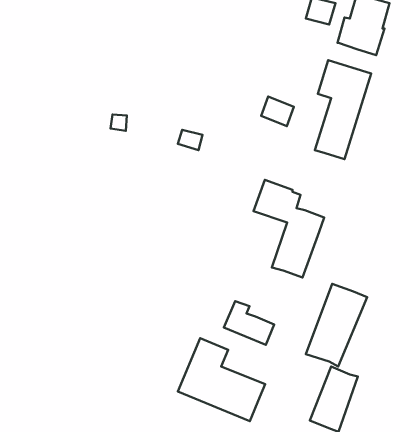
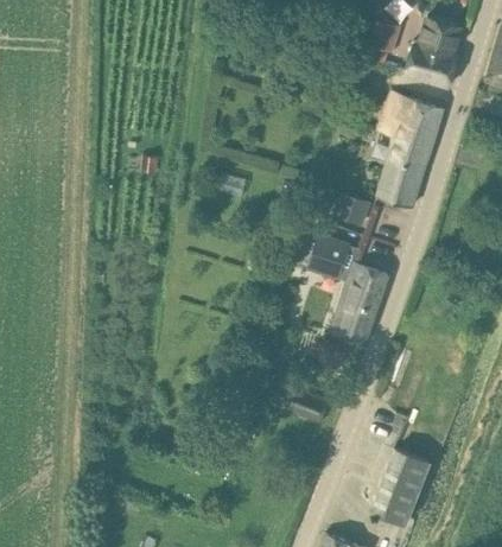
building: [261,97,294,126] -> [333,191,371,225]
building: [306,284,367,366] -> none
building: [178,338,265,421] -> none

